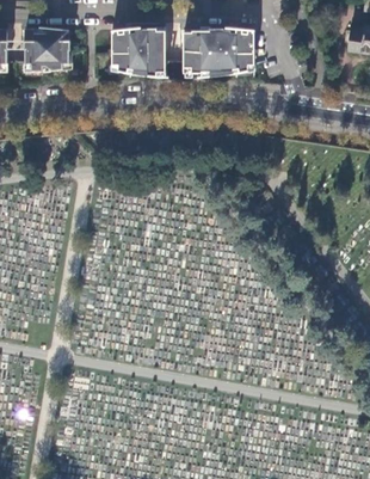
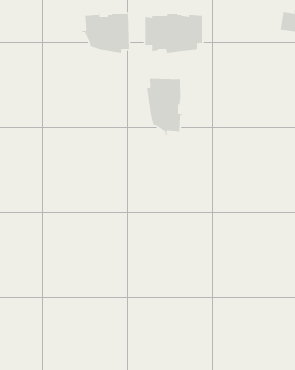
building: [23,27,69,69] -> none
building: none -> [146,78,182,136]

